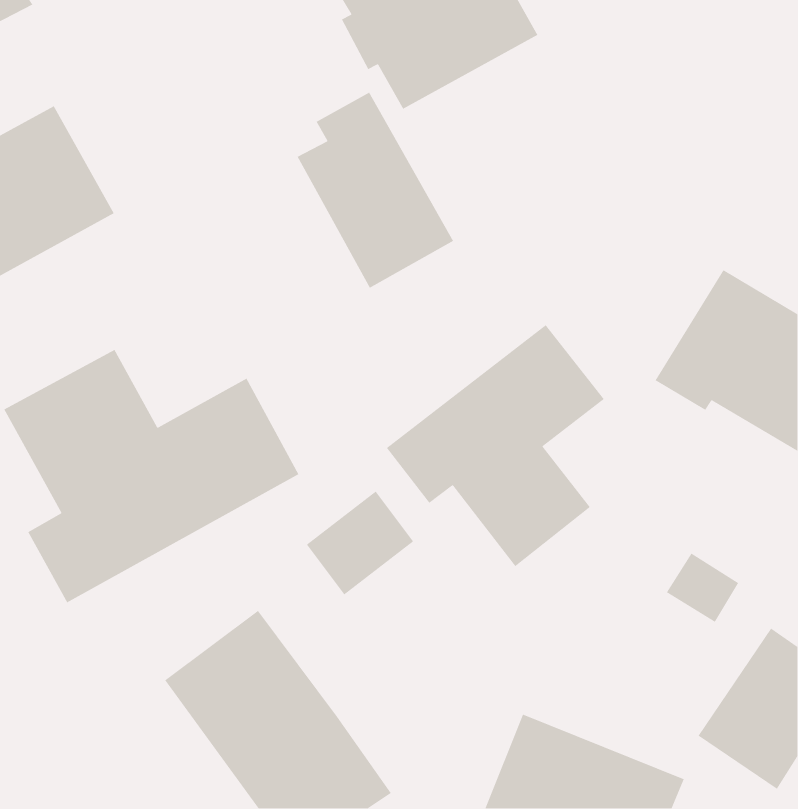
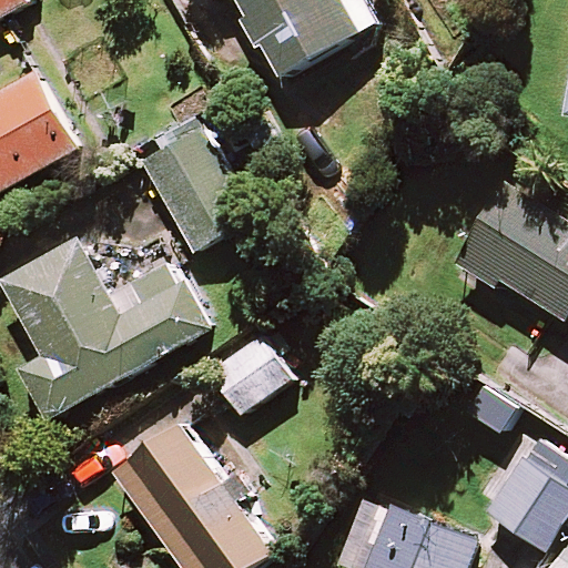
building: [296,91,454,289] -> [139,114,248,252]
building: [386,324,605,567] -> none

